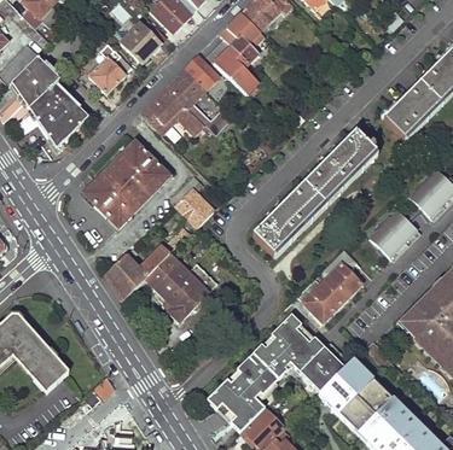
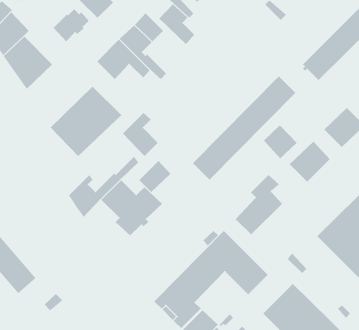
building: none -> [263,124,298,159]
building: none -> [139,160,171,193]
building: [318,357,373,413] -> none

